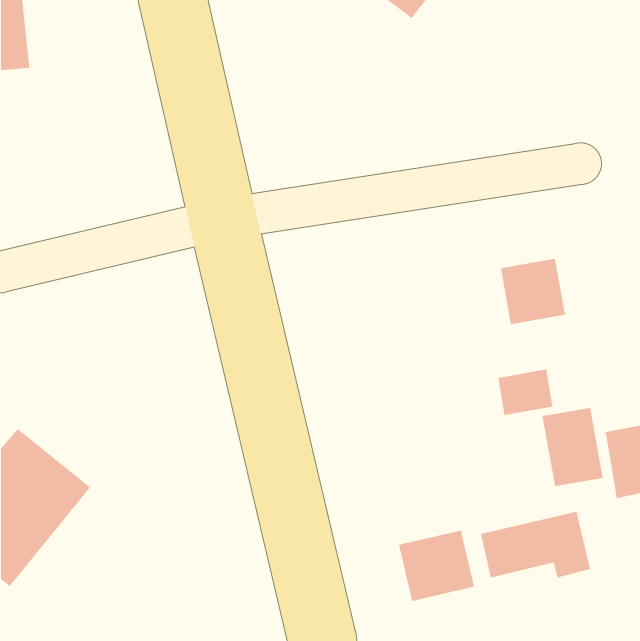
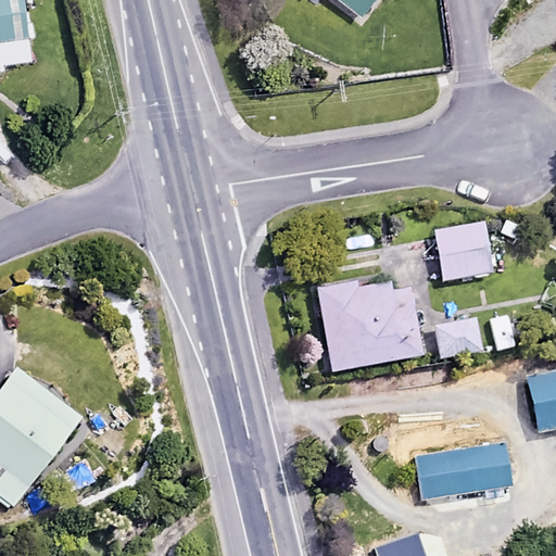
building: none -> [318,278,420,370]
building: [542,407,603,487] -> none
building: [399,530,474,602] -> none

